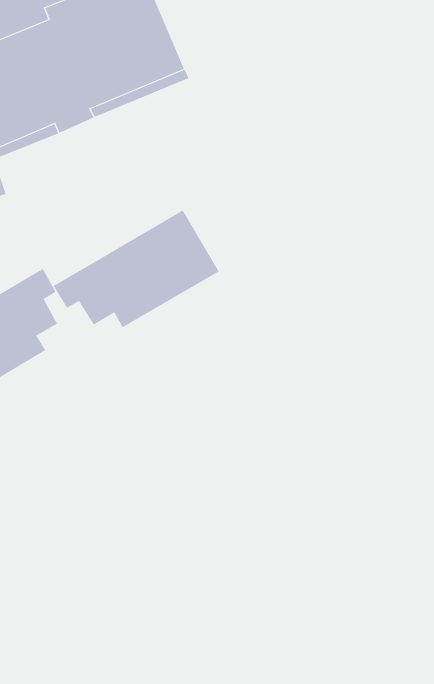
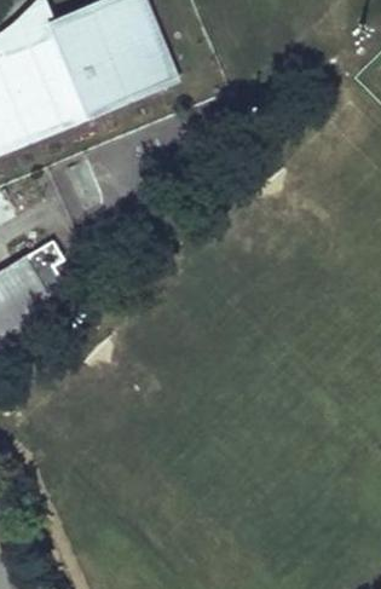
building: [53,209,220,328] -> none

